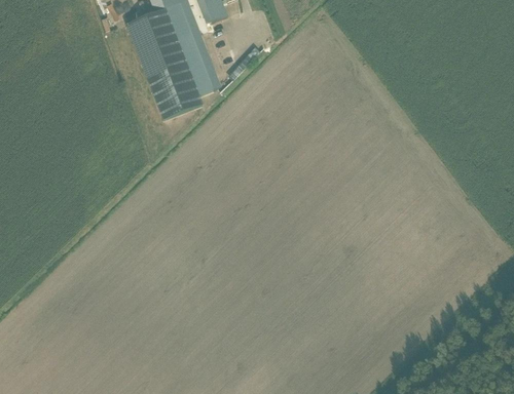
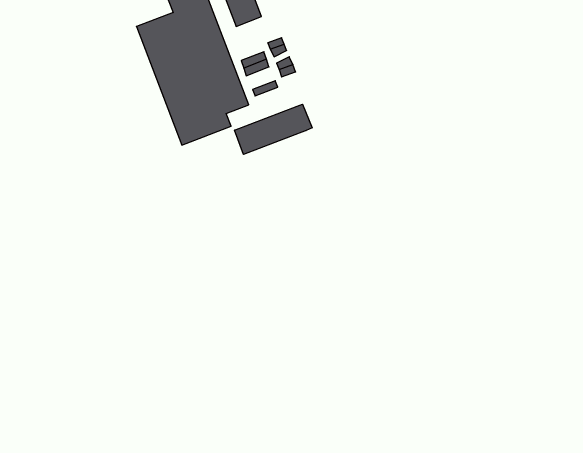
building: none -> [235,104,312,154]

